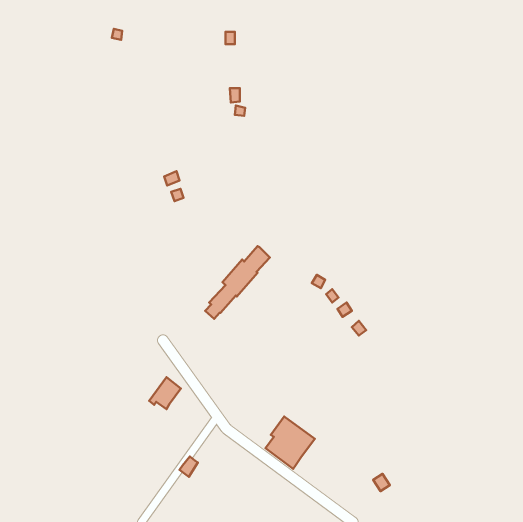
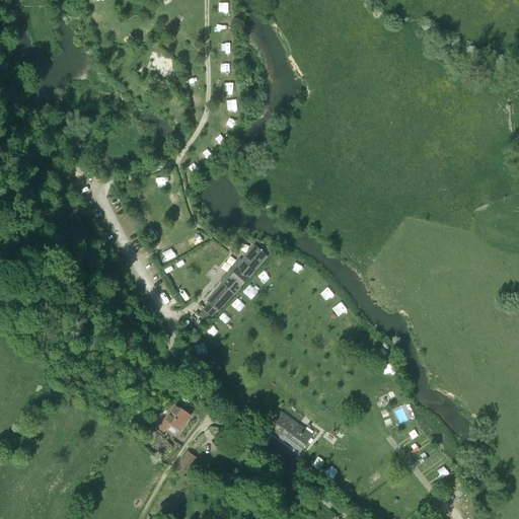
building: [149,377,181,409] -> [159,402,191,434]

